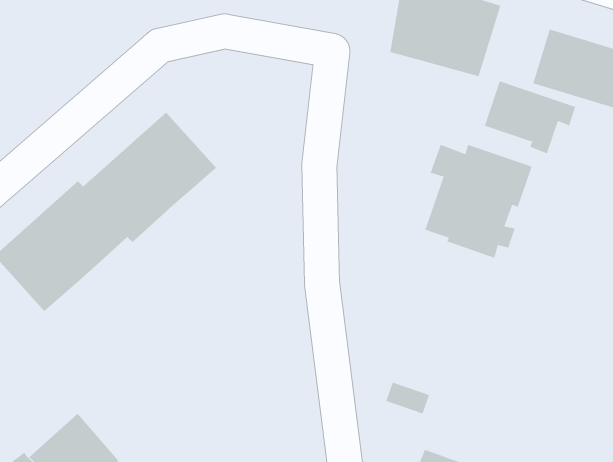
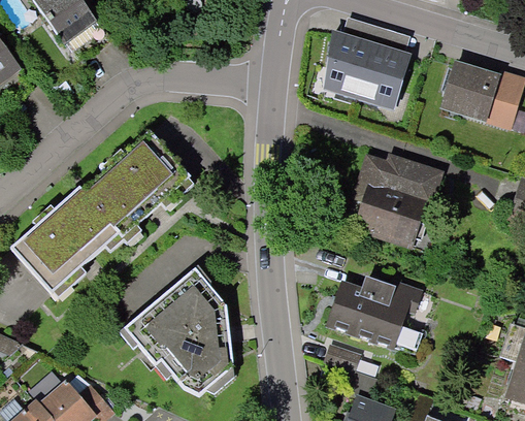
building: [484,81,576,154] -> none
building: none -> [124,269,232,394]
building: none -> [325,280,421,353]

